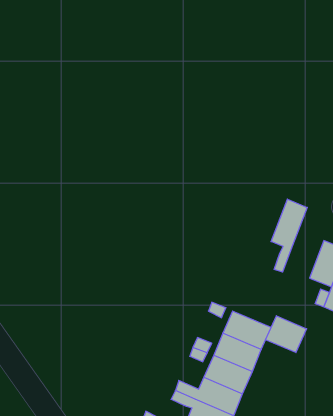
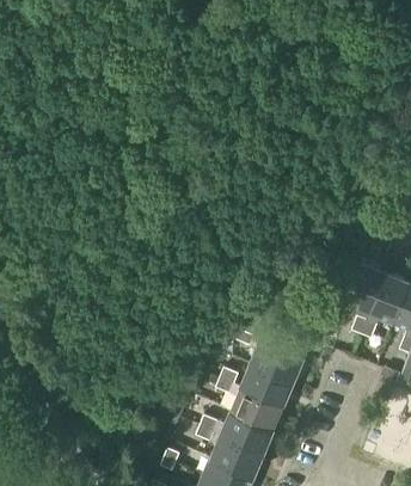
building: [271,199,307,272] -> none
building: [266,316,307,353] -> none

